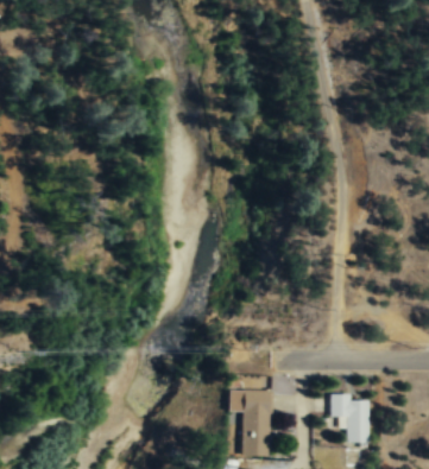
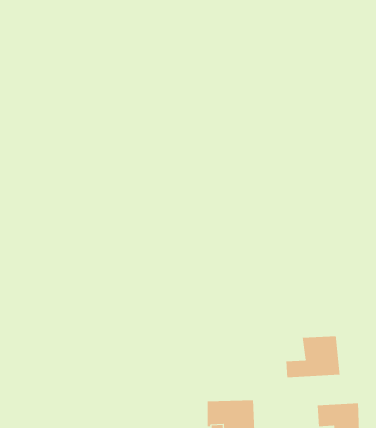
building: none -> [286,335,340,378]

